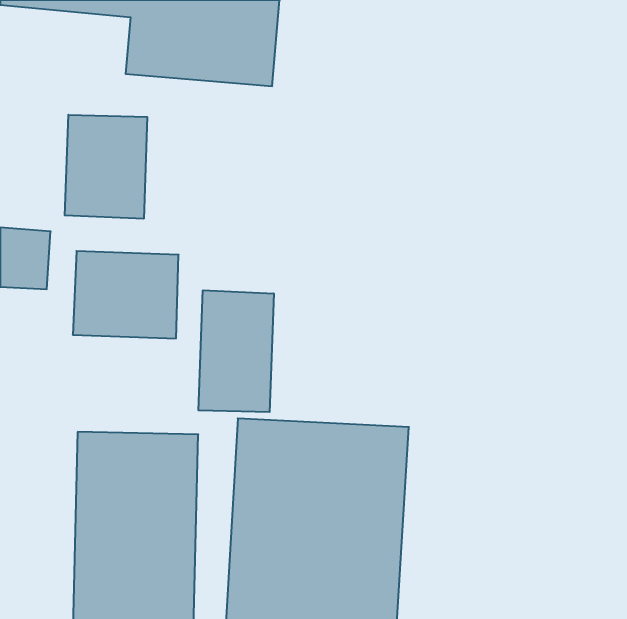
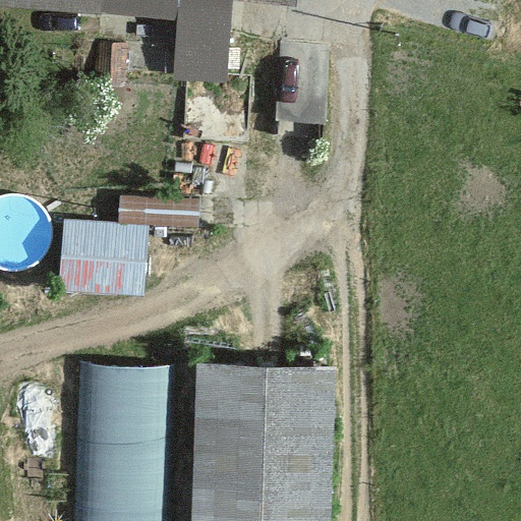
building: [65,115,147,219] -> none
building: [199,290,274,412] -> none

